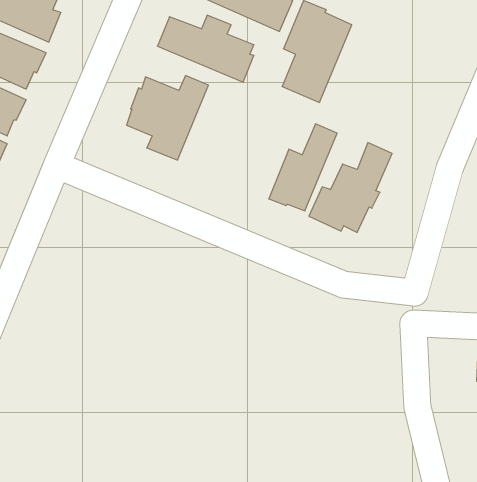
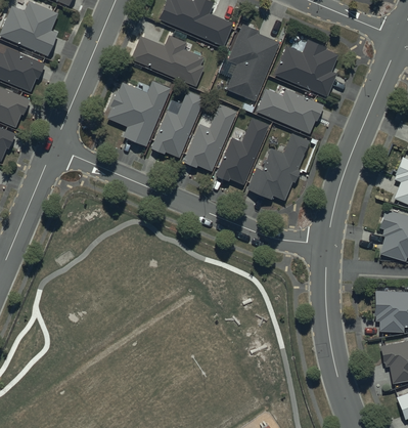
building: none -> [274,38,338,97]
building: none -> [256,88,323,133]
building: none -> [150,91,203,158]
building: none -> [183,104,236,171]

